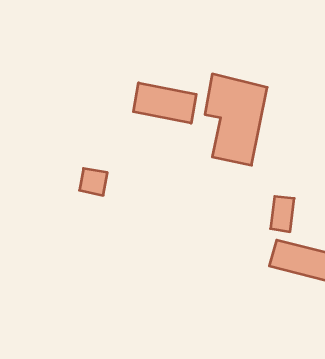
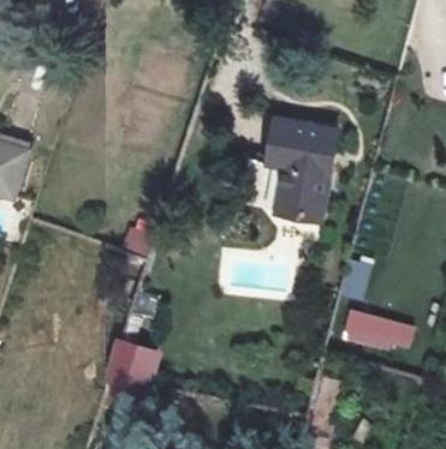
building: [133,83,196,123] -> none
building: none -> [109,341,155,385]

